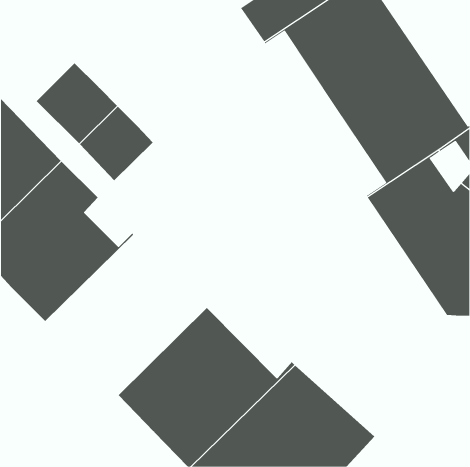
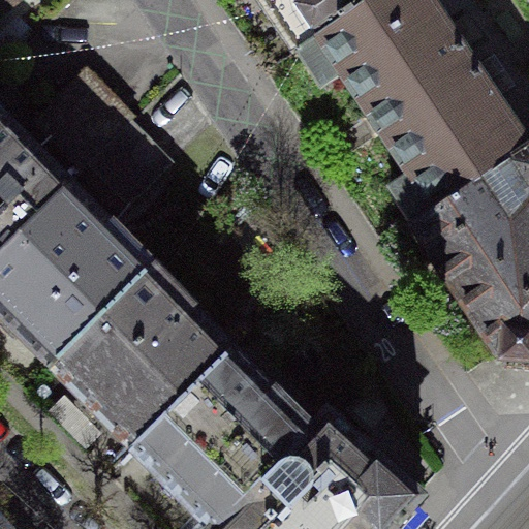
building: none -> [51,263,232,444]

